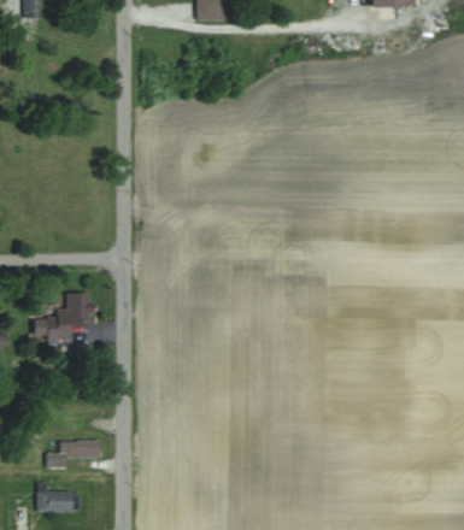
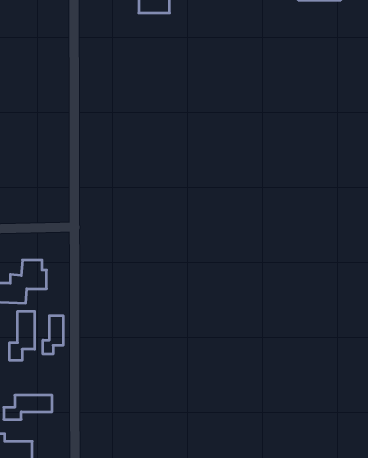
building: none -> [10,311,35,360]
building: none -> [43,316,63,354]

